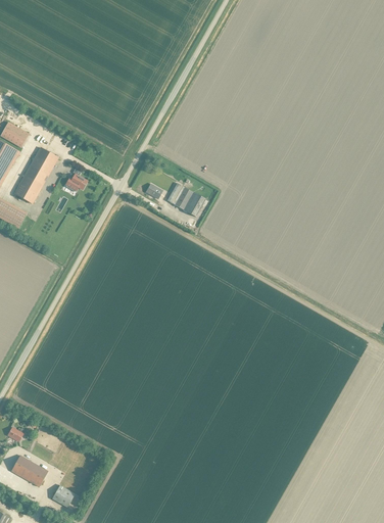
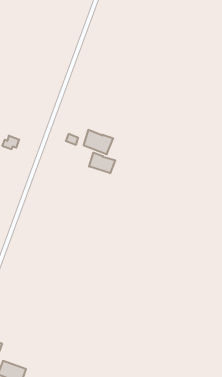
building: none -> [89,153,115,173]

